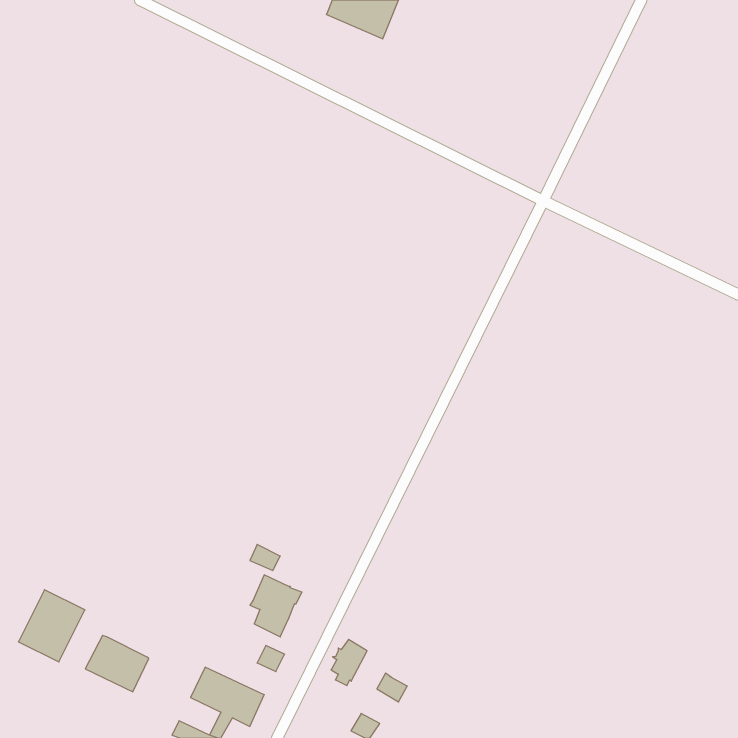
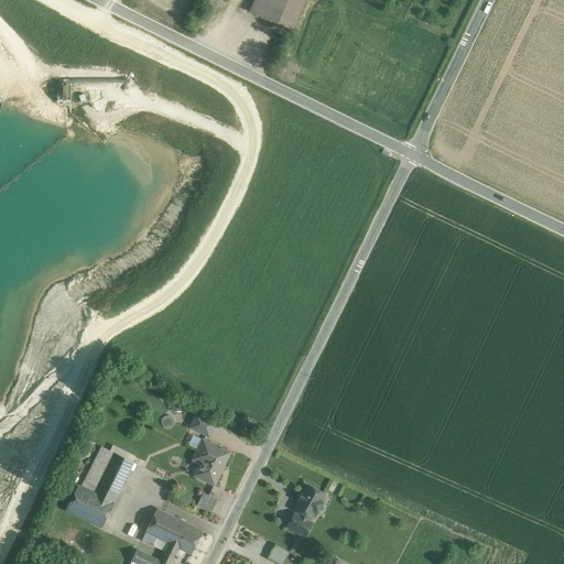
building: [18,590,85,662] -> [82,446,132,501]
building: [331,639,367,686] -> [295,486,323,521]

